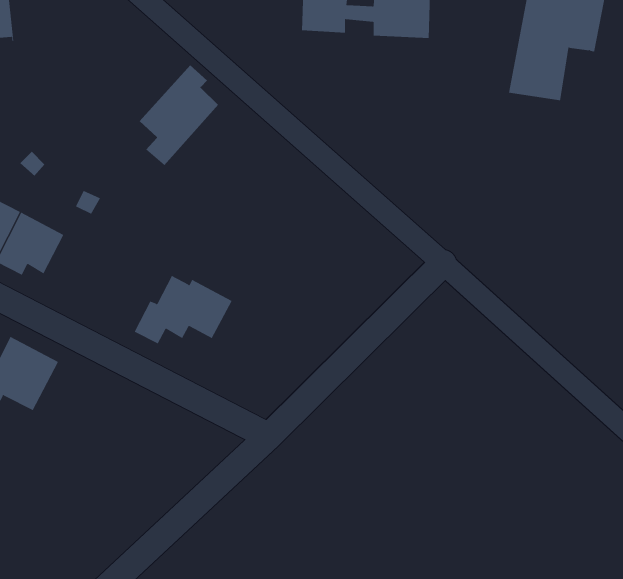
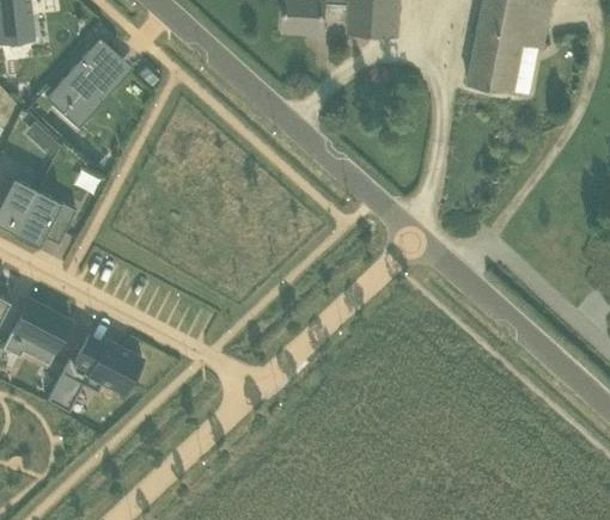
building: [139,64,219,166] -> [54,37,124,127]
building: [134,275,232,344] -> [54,336,141,397]

